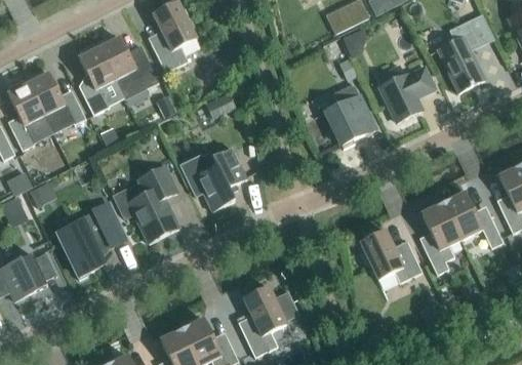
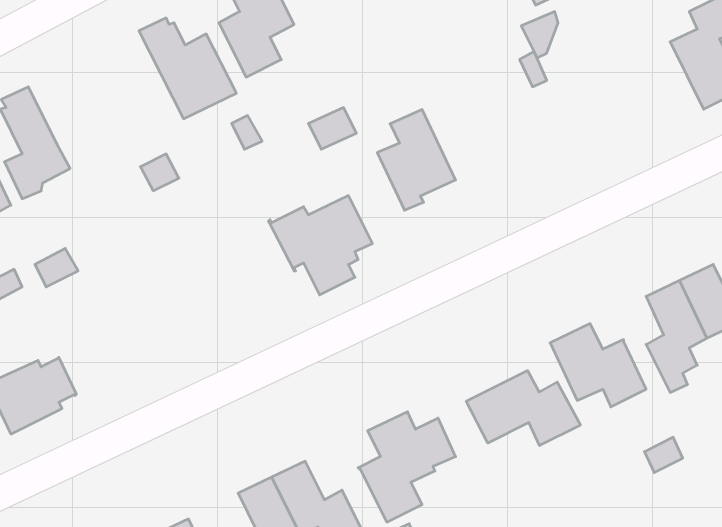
building: [79,42,125,115] -> none
building: [375,65,435,122] -> none
building: [26,70,86,130] -> none
building: [325,83,375,148] -> [377,109,456,210]
building: [115,166,178,242] -> none
building: [58,202,126,276] -> none
building: none -> [466,371,580,446]

